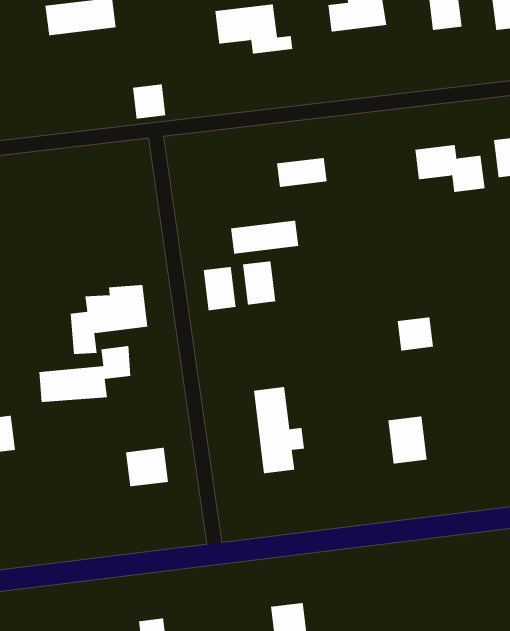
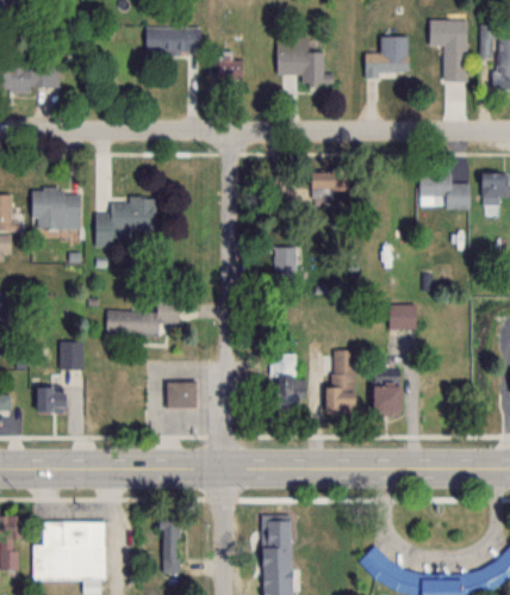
building: [132,84,166,119] -> [219,57,243,82]
building: [231,220,299,255] -> none
building: [203,266,236,311] -> none
building: [70,285,148,355] -> [94,197,155,247]
building: none -> [324,349,355,414]

